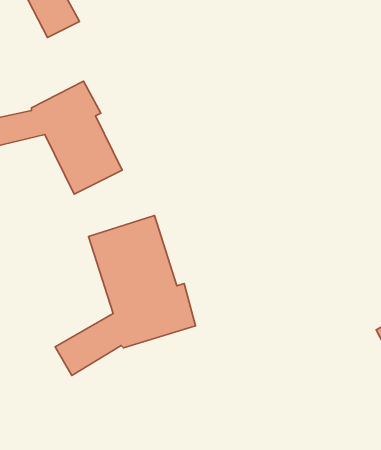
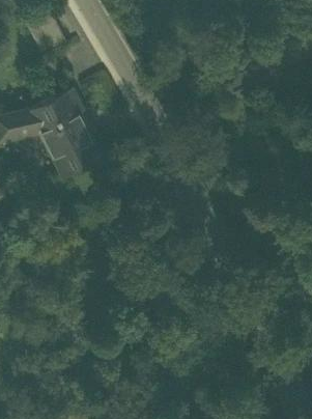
building: [55,216,195,376] -> none

